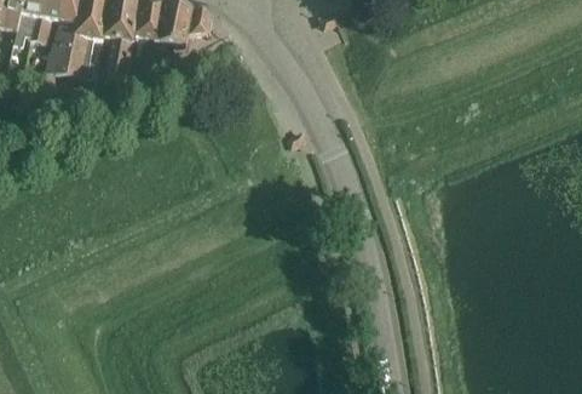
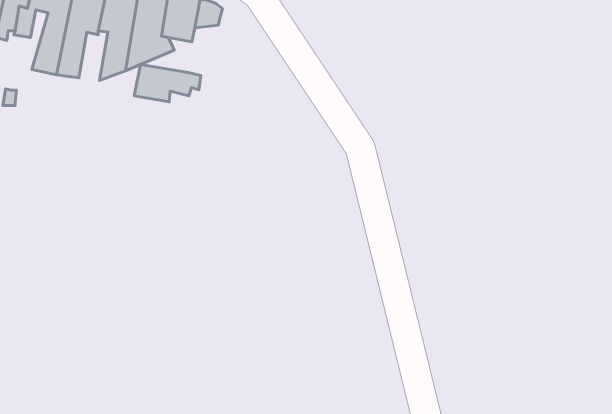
building: none -> [134,64,201,102]

